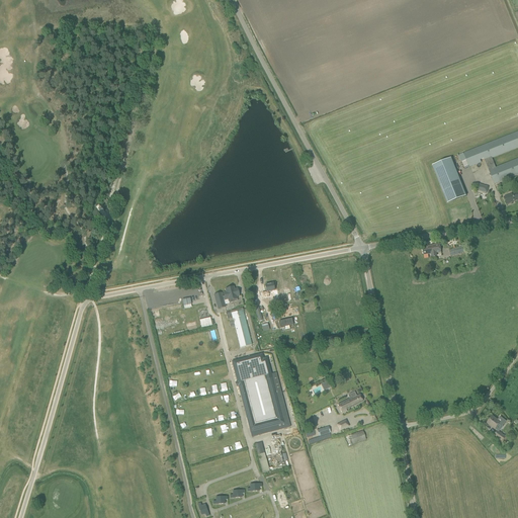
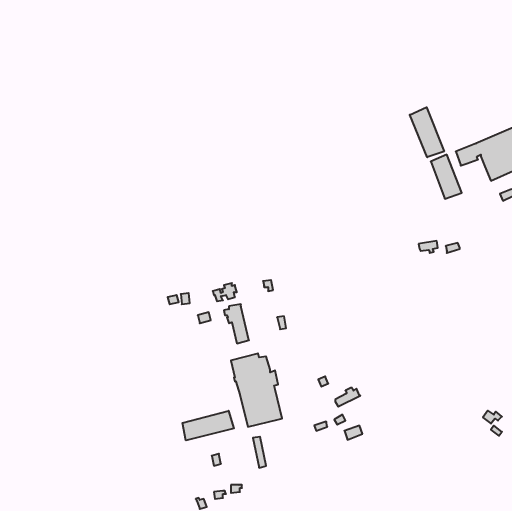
building: none -> [410,107,444,157]
building: none -> [182,411,234,440]

